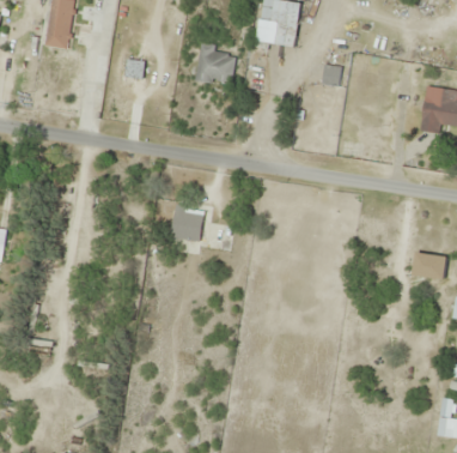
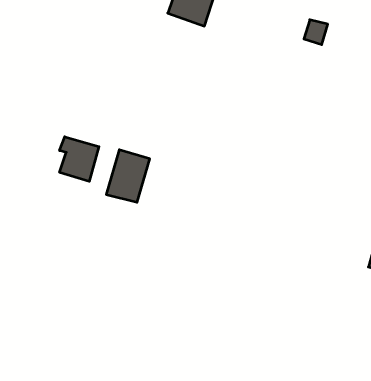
building: none -> [60,137,99,181]

